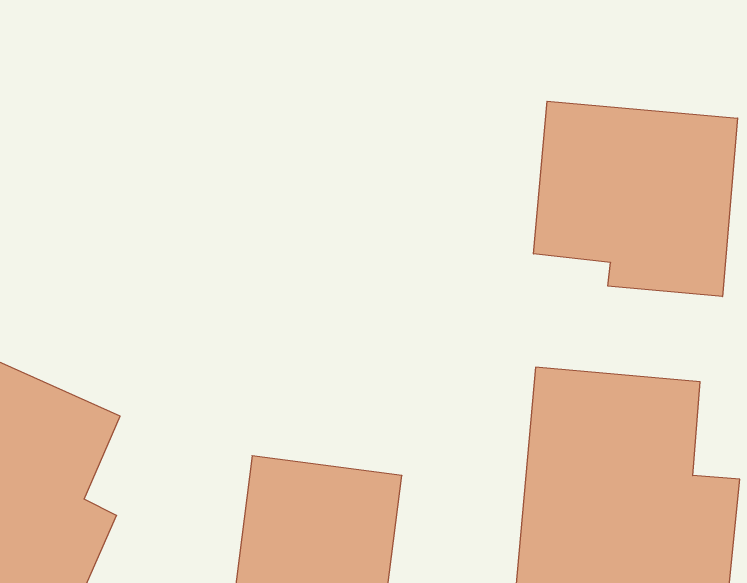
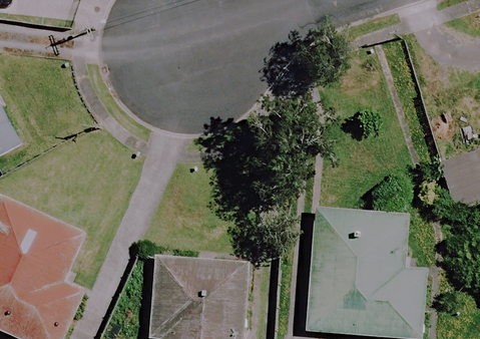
building: [534,101,738,297] -> none

